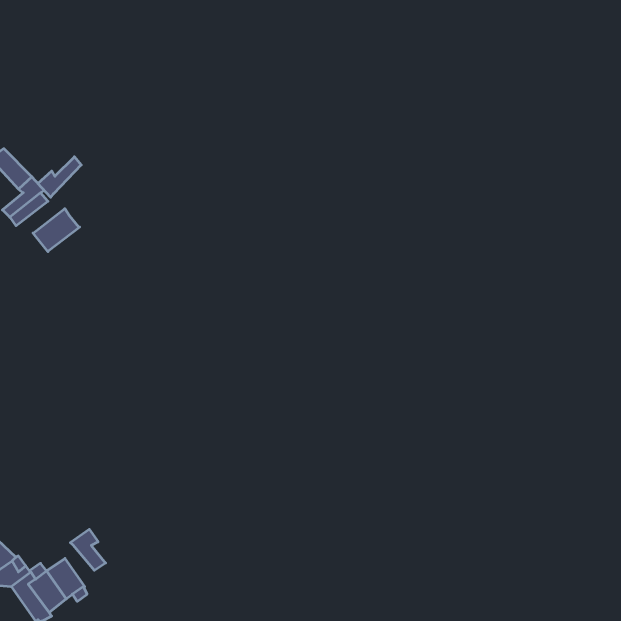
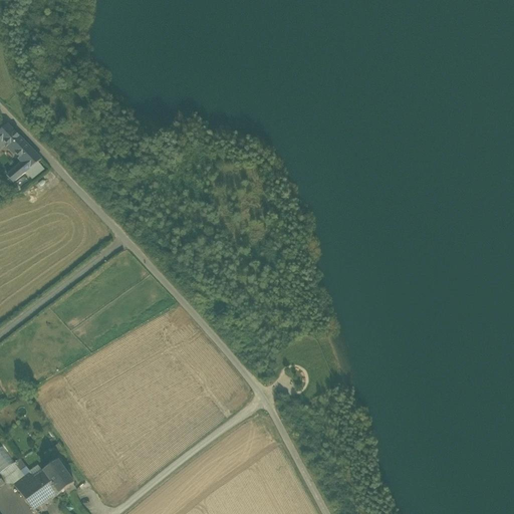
building: [38,157,81,197] -> none
building: [33,209,80,252] -> none
building: [70,529,106,570] -> none

